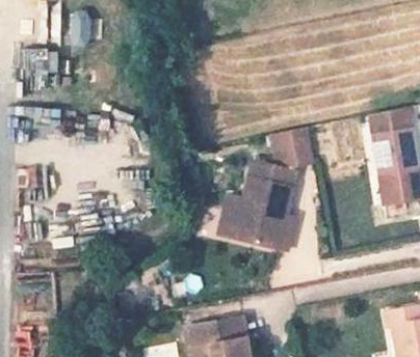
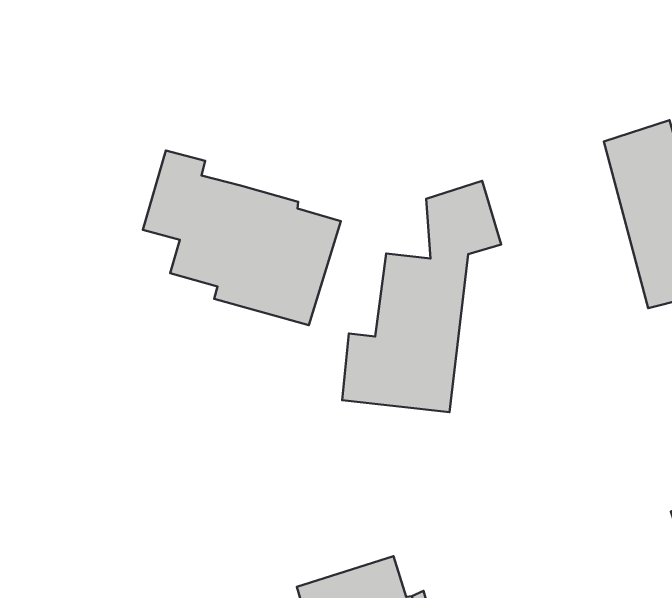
building: none -> [143,150,341,325]

